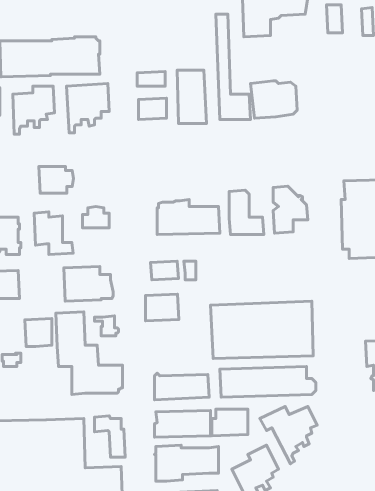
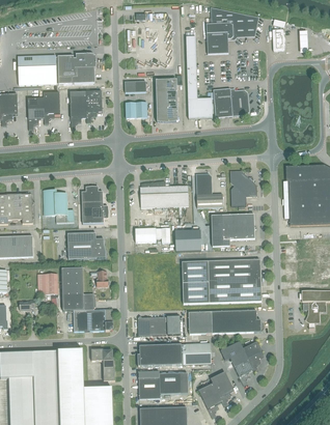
building: [39,166,73,193] -> [81,202,108,223]
building: none -> [211,214,254,247]
building: [146,294,179,321] -> [174,230,200,251]

